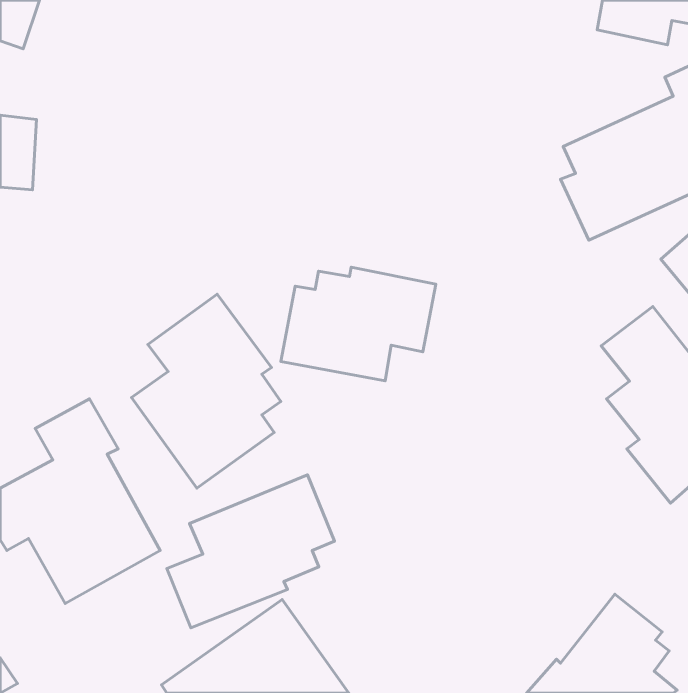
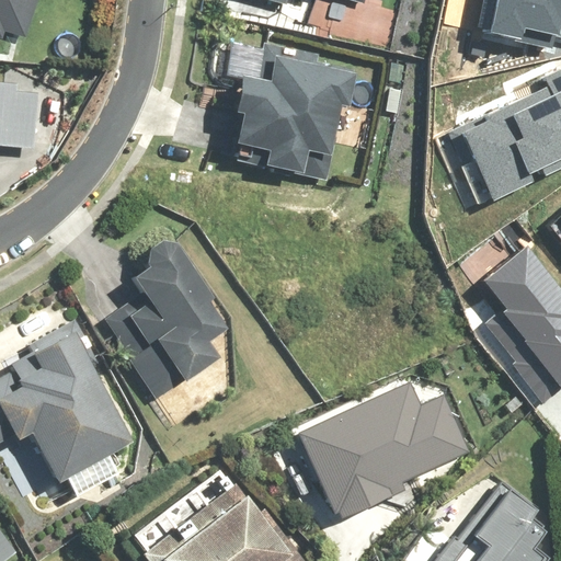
building: none -> [215,55,359,182]
building: [281,267,436,381] -> none
building: [167,475,335,628] -> none
building: none -> [295,388,470,516]

